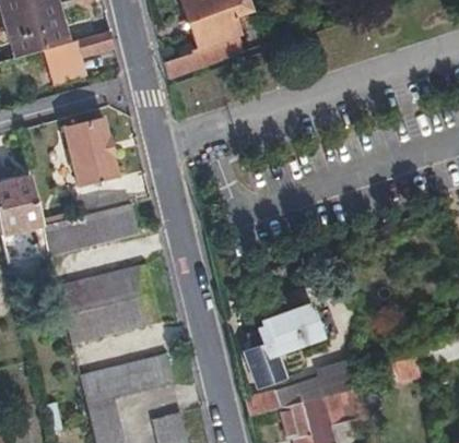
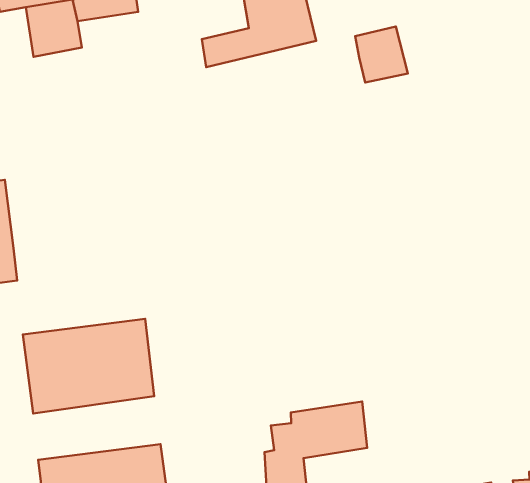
building: none -> [355,27,408,83]
building: [68,118,120,188] -> none
building: [46,204,138,255] -> none

